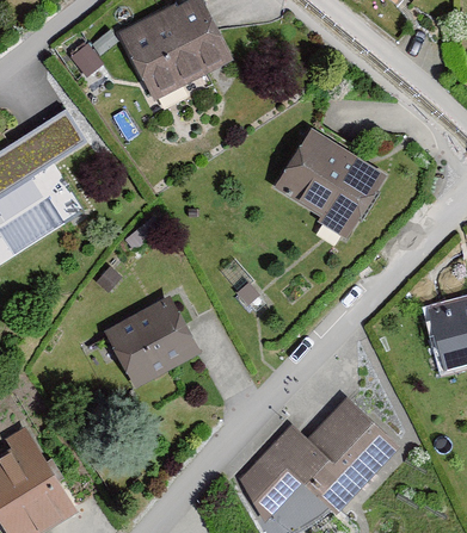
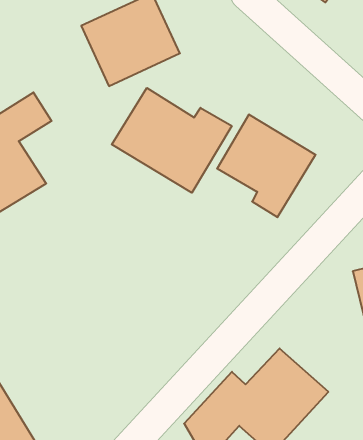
building: none -> [112,88,232,193]
building: [104,296,198,386] -> none

